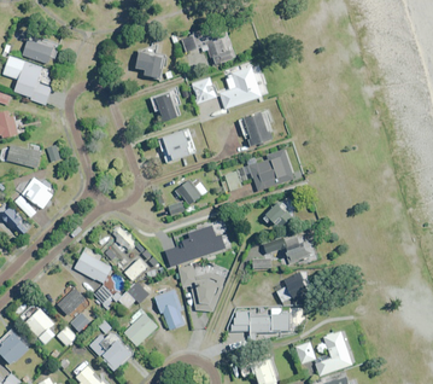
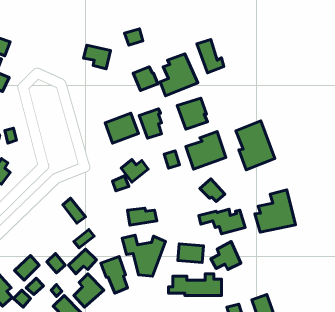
building: [201,28,232,65] -> [197,40,224,73]
building: [154,88,180,121] -> [139,109,162,138]
building: none -> [236,121,275,170]
building: none -> [255,190,296,232]
building: [74,246,110,284] -> none
building: none -> [178,244,203,263]

